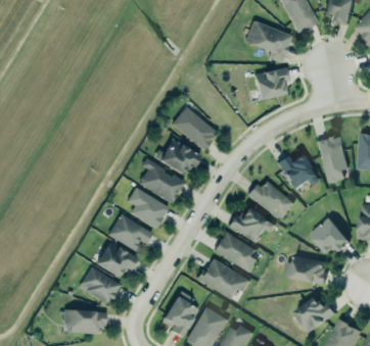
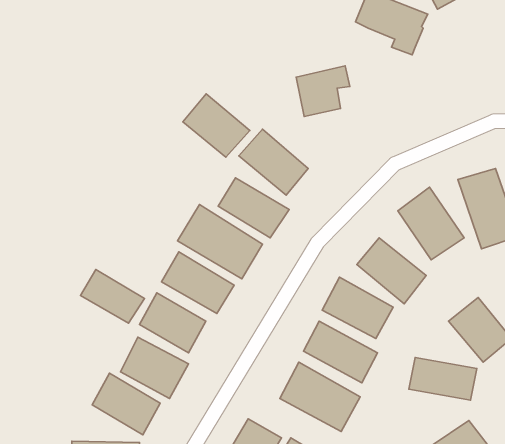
building: [260,64,294,97] -> [296,66,350,116]
building: none -> [183,94,250,157]
building: none -> [81,269,145,323]

